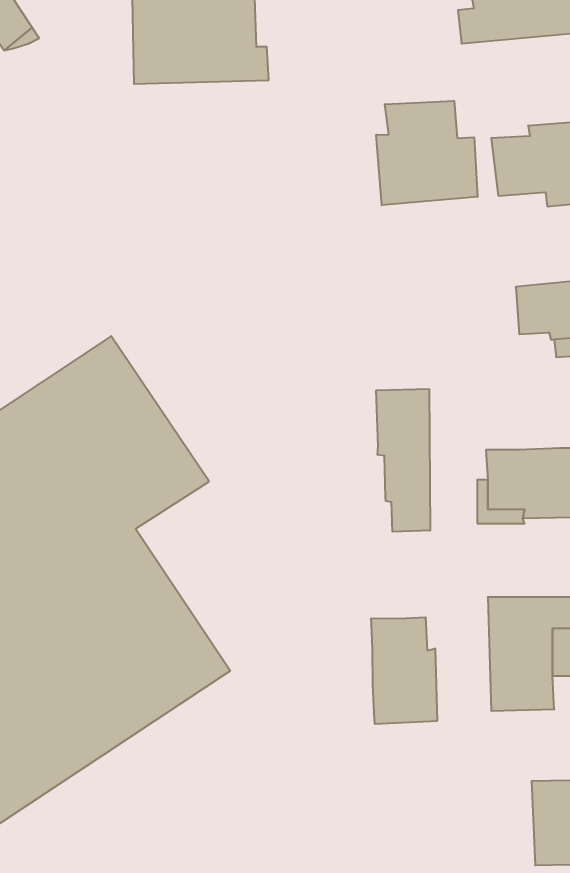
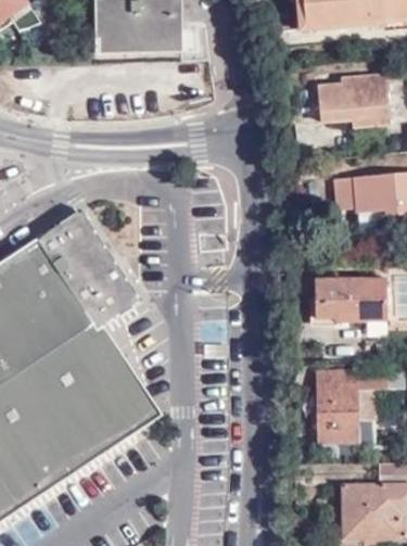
building: [376,101,477,205] -> none
building: [376,389,430,532] -> none
building: [371,617,437,724] -> none

